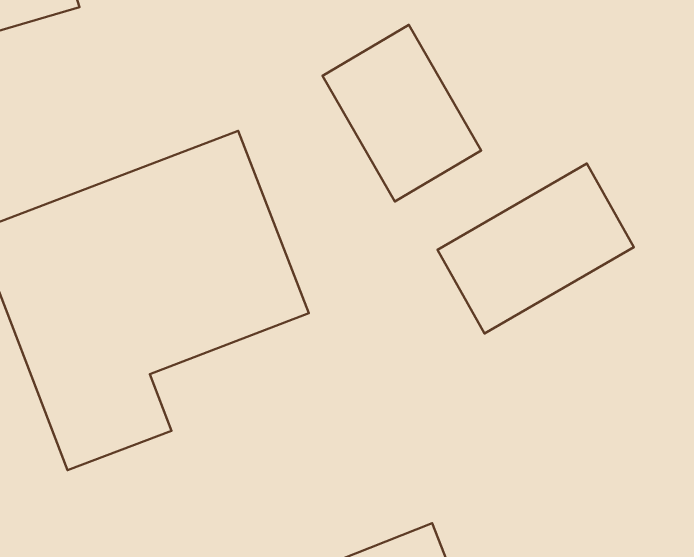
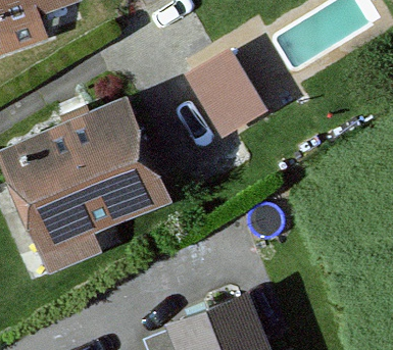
building: [438,163,634,333] -> none

